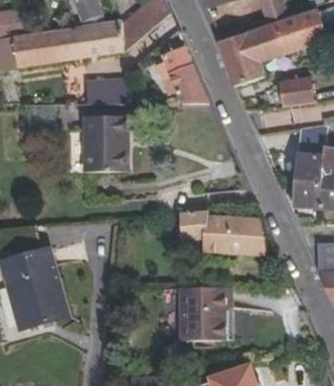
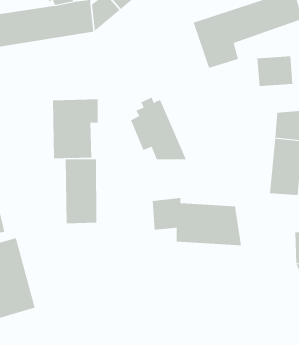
building: [156,42,210,103] -> [130,97,187,160]
building: [86,79,129,104] -> none
building: none -> [65,158,97,224]
building: [181,286,231,340] -> none

